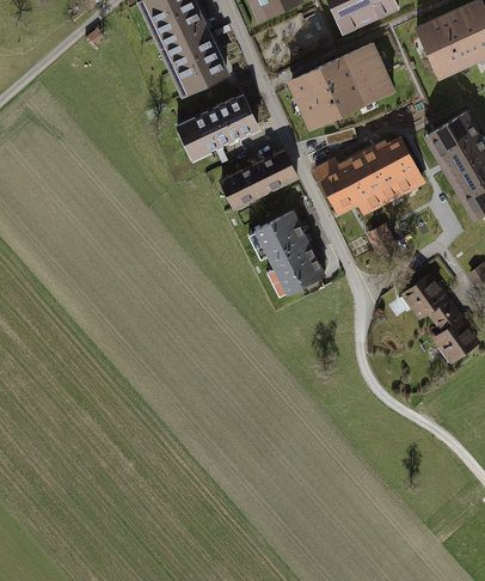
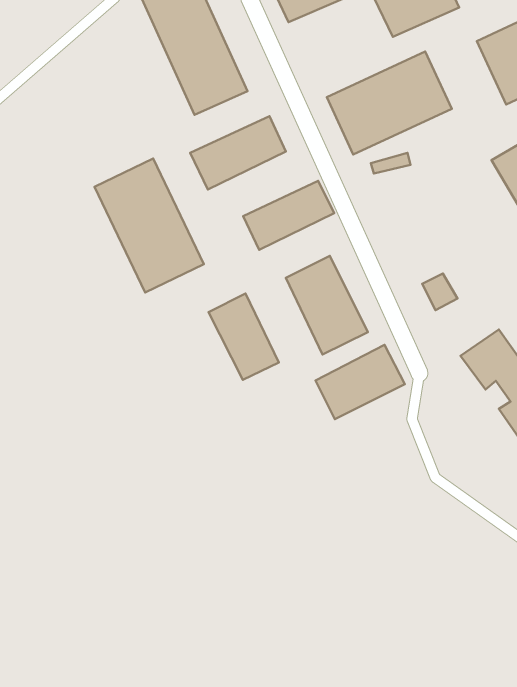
building: none -> [95,159,204,292]
building: [315,137,422,210] -> none
building: none -> [208,294,279,380]
building: none -> [316,345,405,419]

